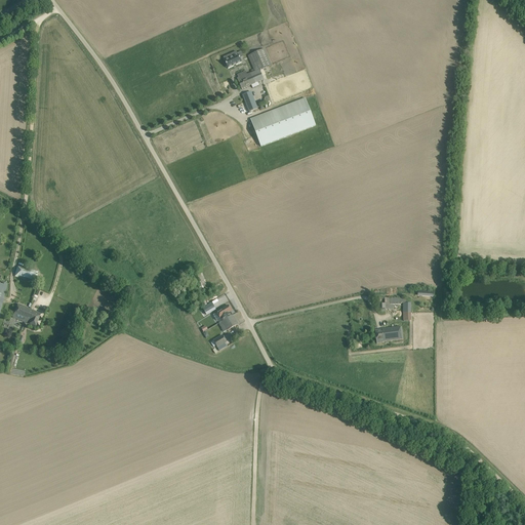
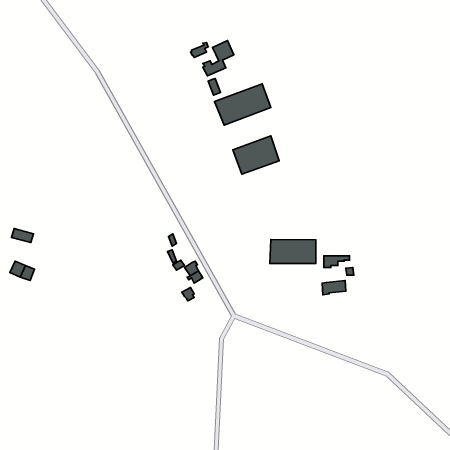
building: none -> [233,136,279,174]
building: none -> [270,239,316,263]

